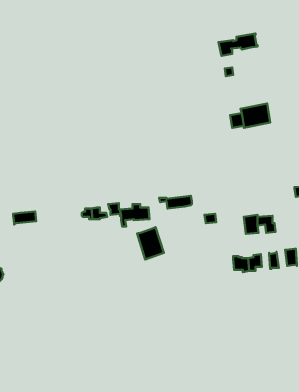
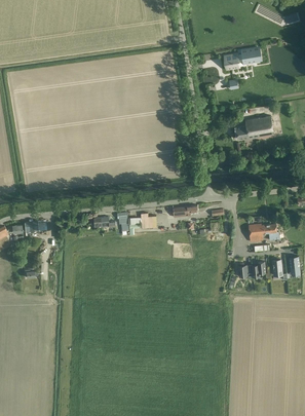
building: [137,227,164,259] -> none

